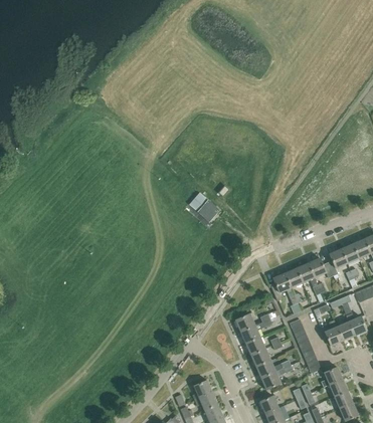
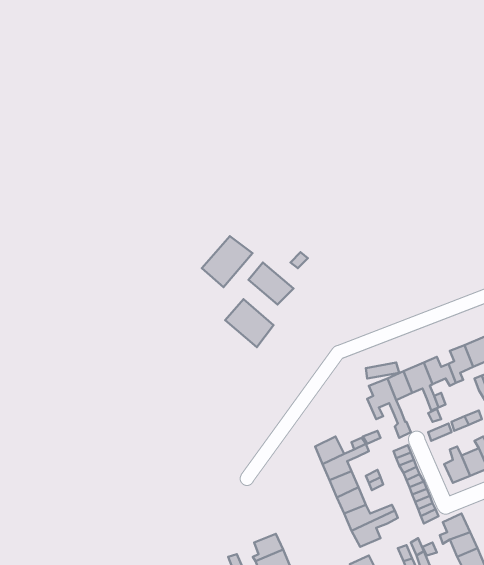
building: none -> [202,236,253,287]
building: none -> [225,299,273,347]

